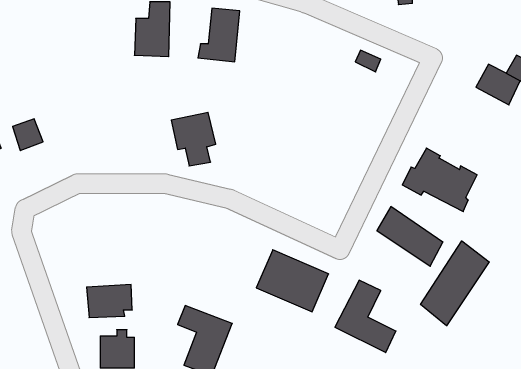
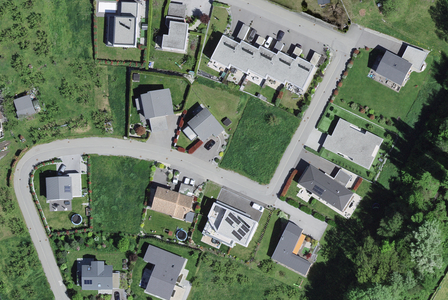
building: none -> [212,39,315,92]
building: none -> [191,110,229,144]
building: none -> [149,184,196,222]
building: [421,241,489,326] -> none
building: [87,285,132,318] -> [45,174,81,200]

